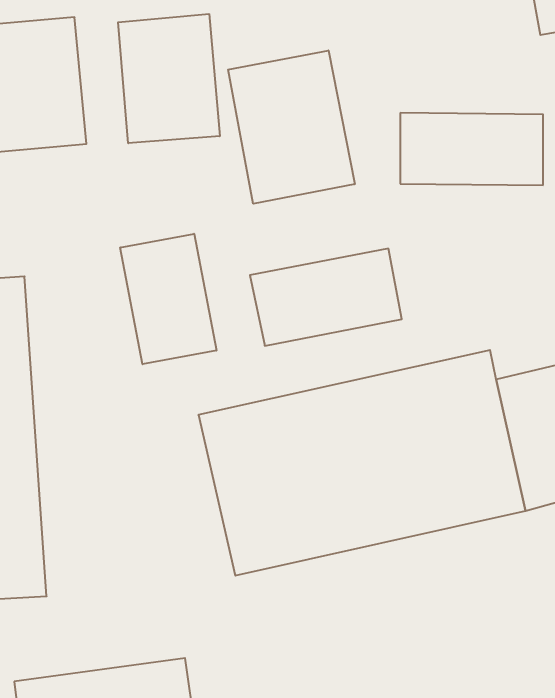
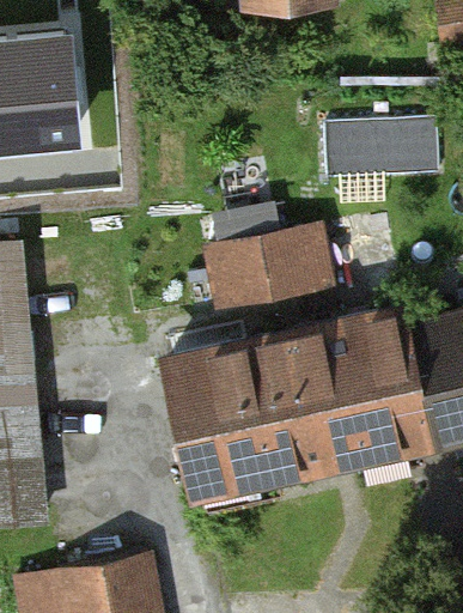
building: [118,14,220,143] -> none
building: [228,50,355,204] -> none
building: [120,234,216,364] -> none

